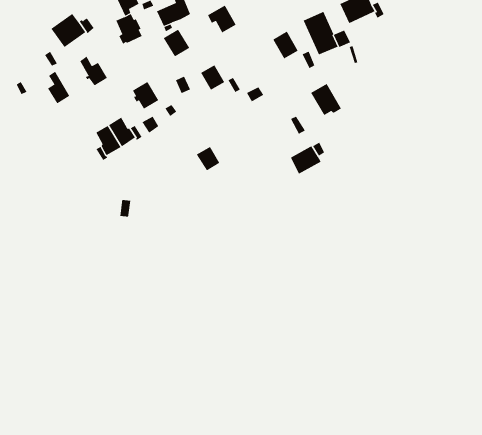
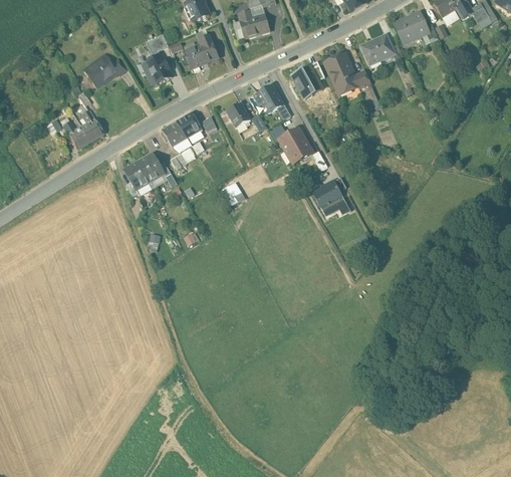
building: [207,5,237,33] -> [254,85,282,112]
building: [163,29,190,57] -> [176,110,202,138]
building: [80,56,108,86] -> [61,121,88,150]
building: [310,83,342,116] -> [281,130,311,161]

